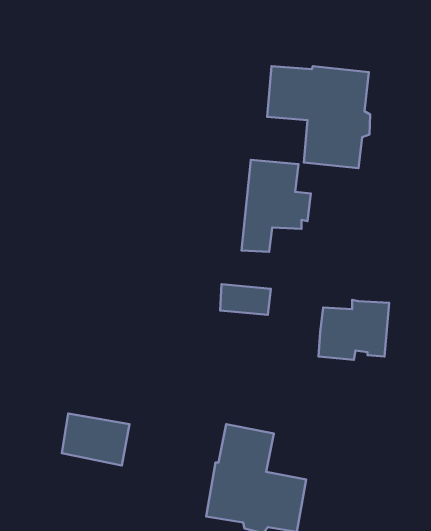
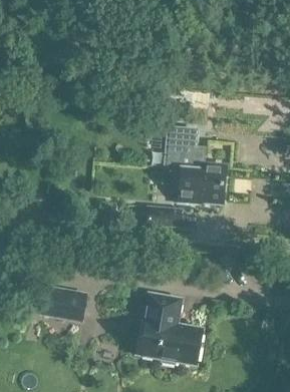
building: [267,66,370,168] -> none
building: [319,300,389,360] -> [178,161,224,201]

